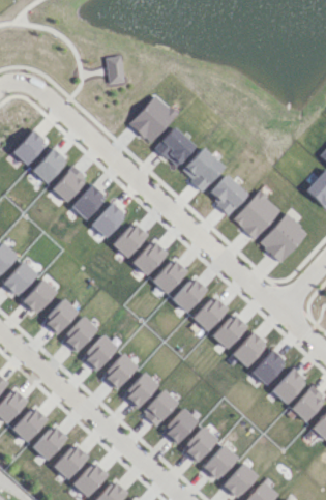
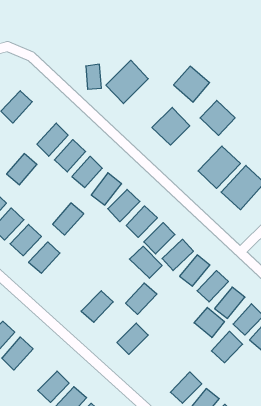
building: [107,56,124,84] -> [86,64,101,89]
building: [155,127,196,168] -> [174,66,210,102]
building: [32,149,66,184] -> [7,154,37,185]
building: [208,175,247,214] -> [200,100,235,135]
building: none -> [129,246,162,278]
building: [62,317,97,353] -> [53,203,84,235]
building: [82,334,117,371] -> none
building: none -> [194,307,224,338]
building: [123,373,158,408] -> [126,283,157,314]
building: none -> [211,331,243,363]
building: [162,409,198,444] -> none
building: [32,423,68,461] -> none
building: [182,428,217,463] -> none

